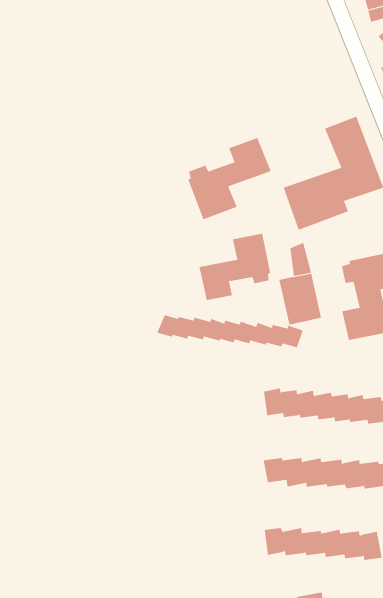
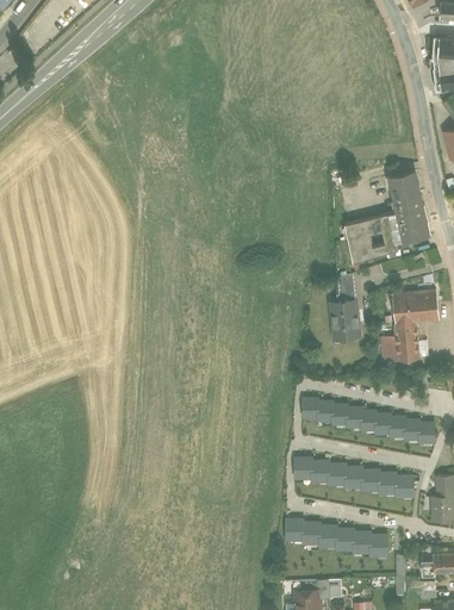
building: [188,137,271,220] -> none
building: [199,233,271,301] -> none
building: [157,314,304,348] -> none

